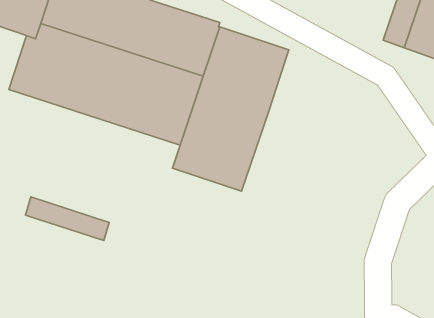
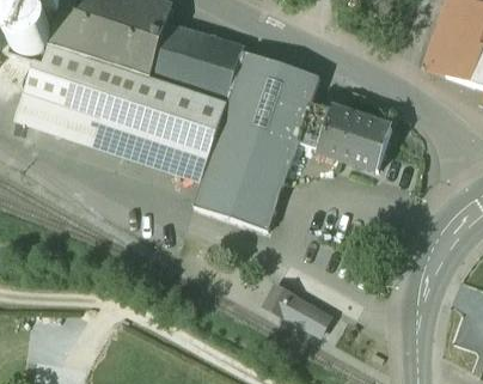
building: none -> [299,105,392,170]
building: [26,197,109,241] -> none
building: none -> [267,287,331,335]

